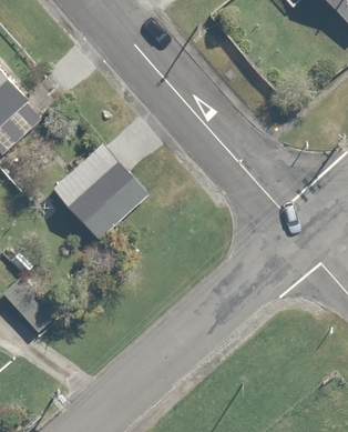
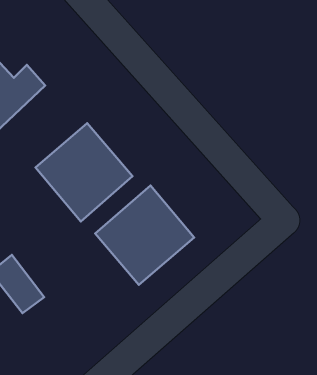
building: none -> [95,185,194,285]

